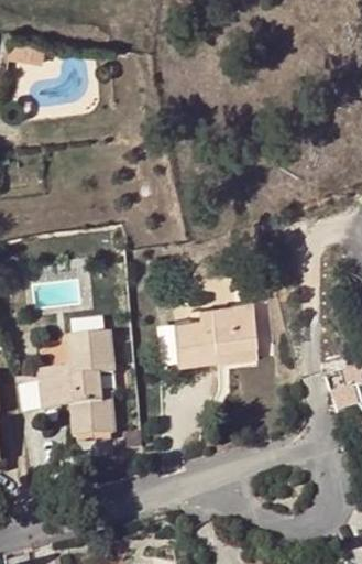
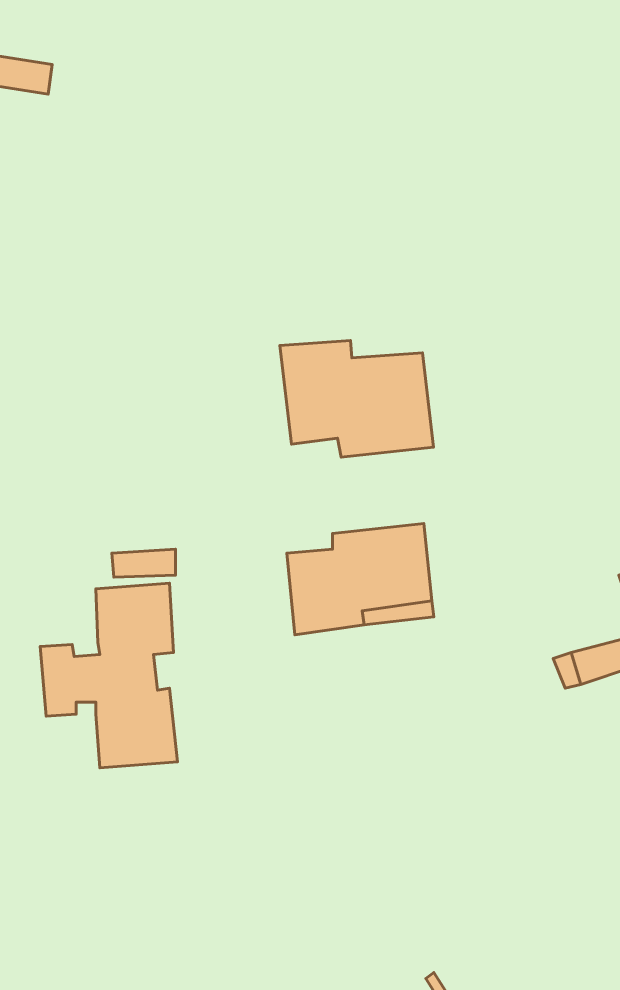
building: none -> [280,341,433,457]

